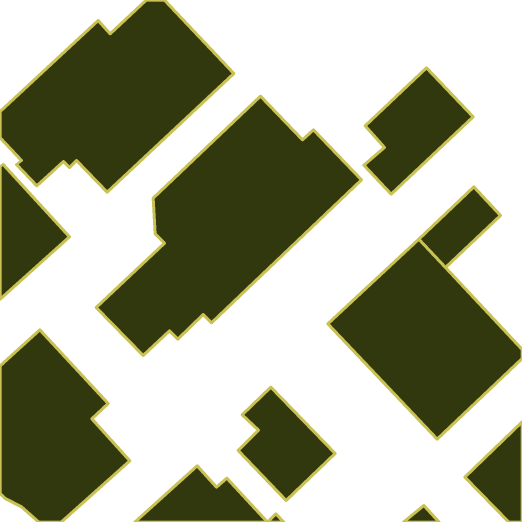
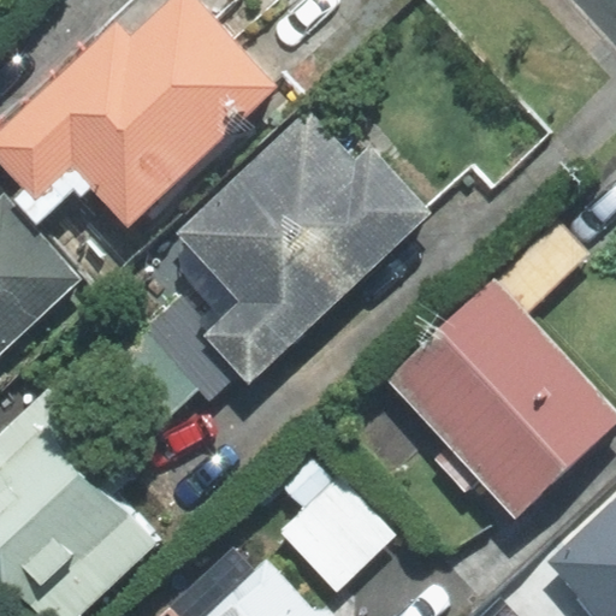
building: [364,68,473,194] -> none

